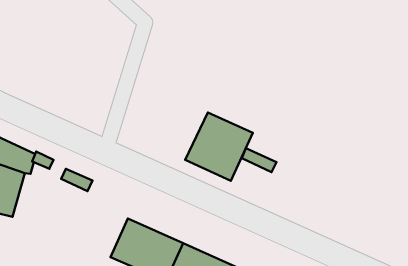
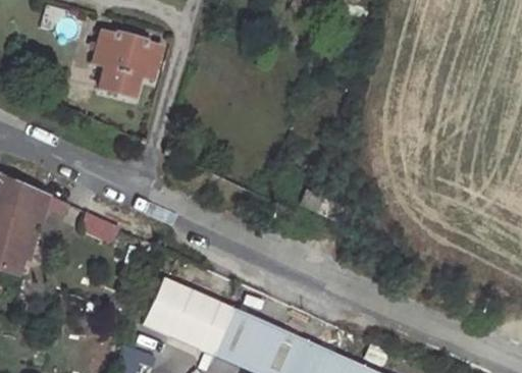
building: none -> [93,34,161,99]
building: [185,112,253,181] -> none

